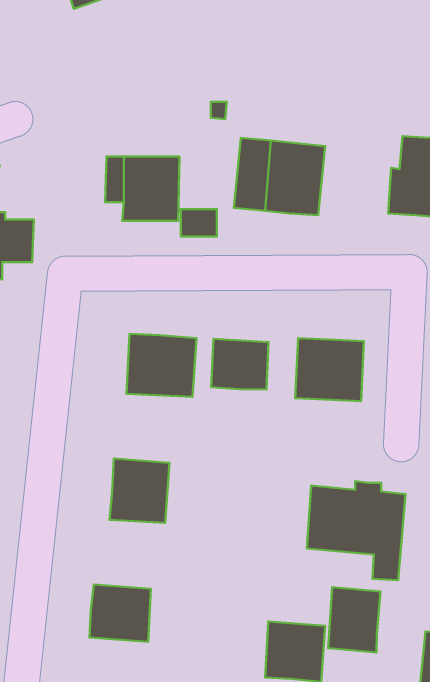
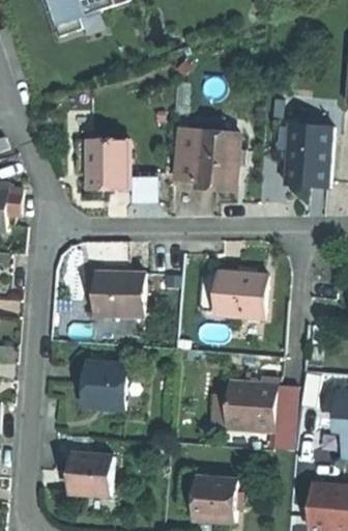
building: [211,339,269,390] -> none
building: [328,587,381,653] -> none

